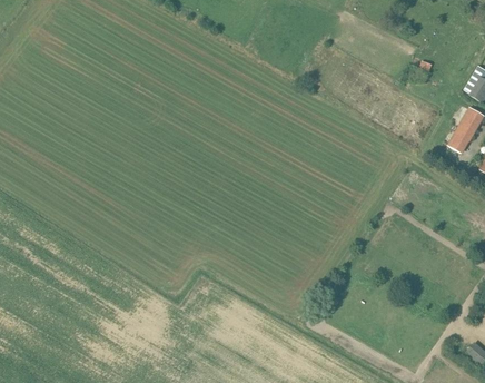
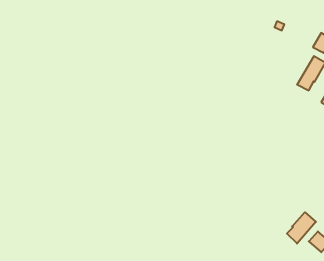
building: none -> [287,212,316,244]

